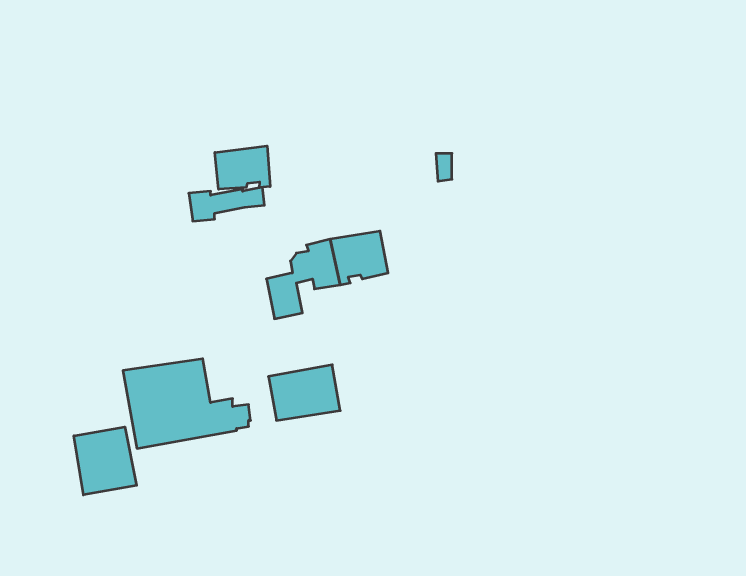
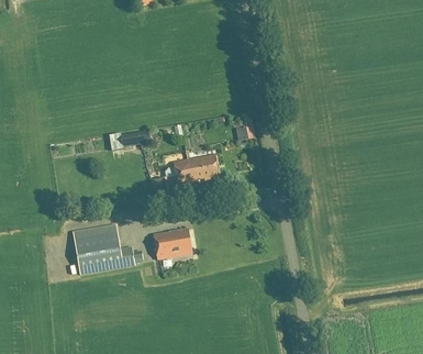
building: [215,146,270,189] -> none
building: [74,427,137,495] -> none

